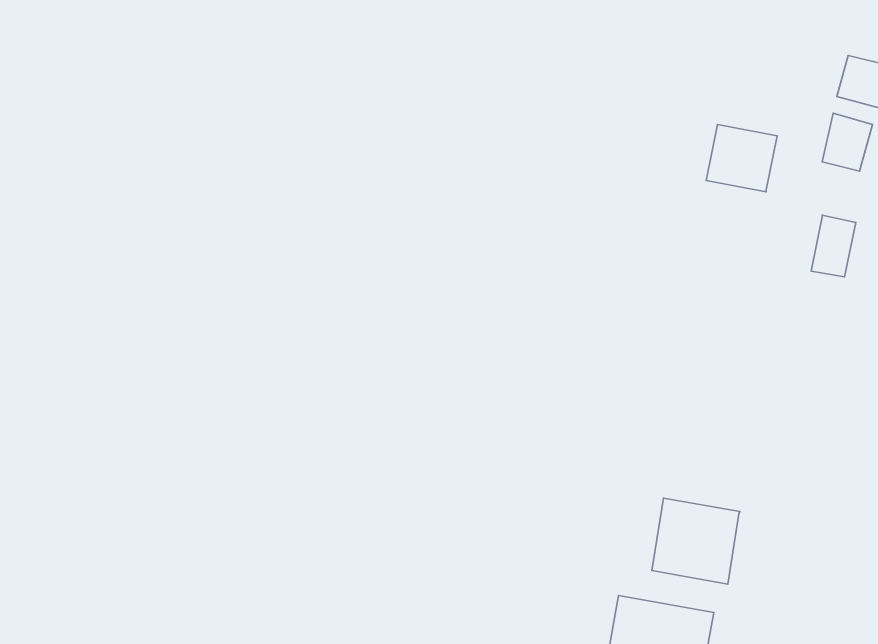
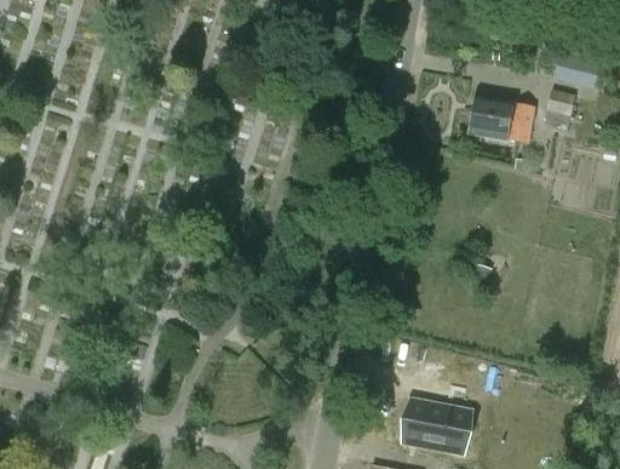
building: [811,215,856,277] -> [506,102,535,142]
building: [652,498,740,584] -> none

